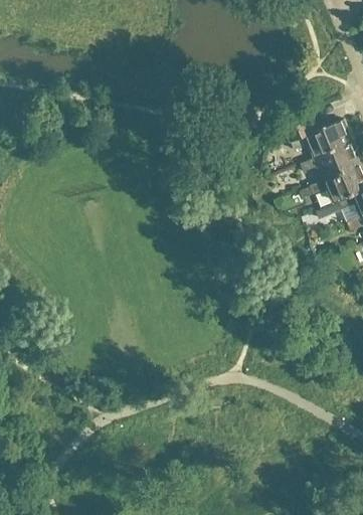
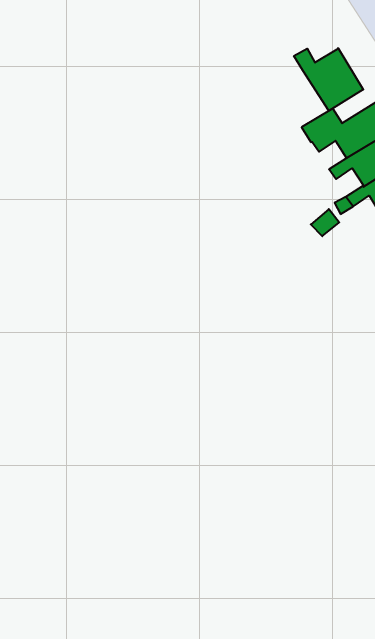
building: none -> [294,48,363,111]

